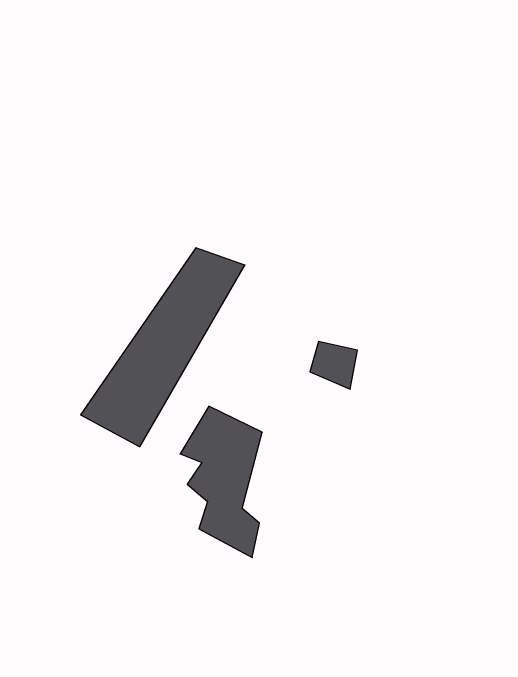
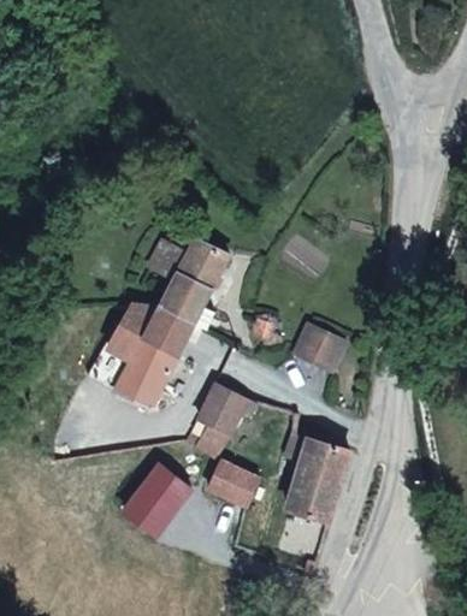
building: none -> [292,439,344,555]
building: none -> [124,466,185,537]

